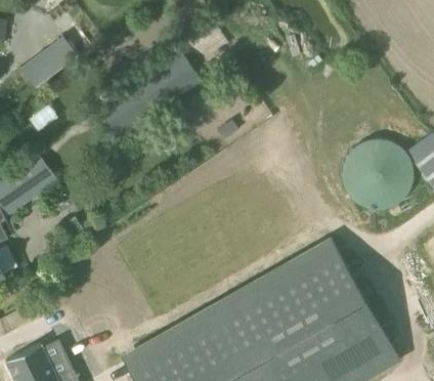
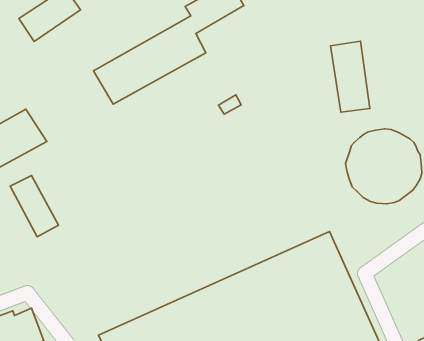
building: none -> [330,41,370,112]
building: none -> [10,176,59,237]

